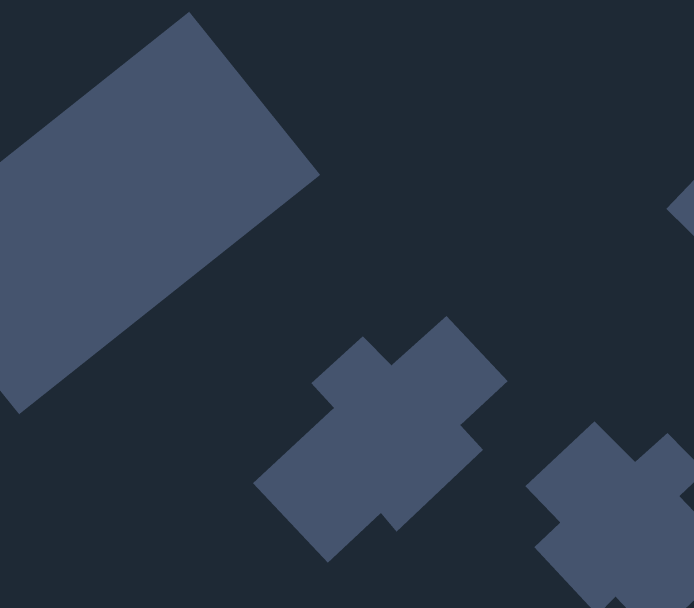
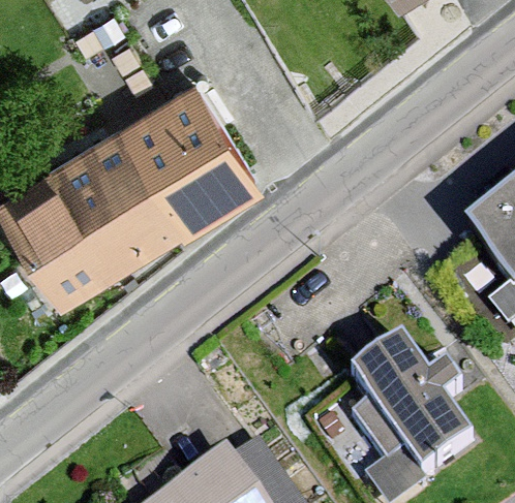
building: [252,315,509,564] -> none

